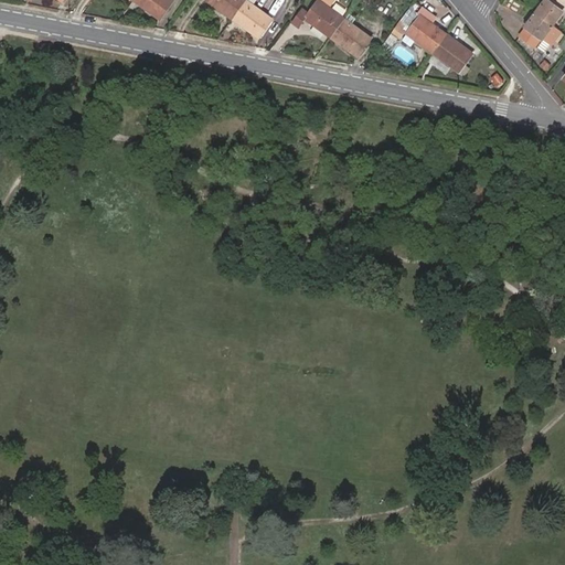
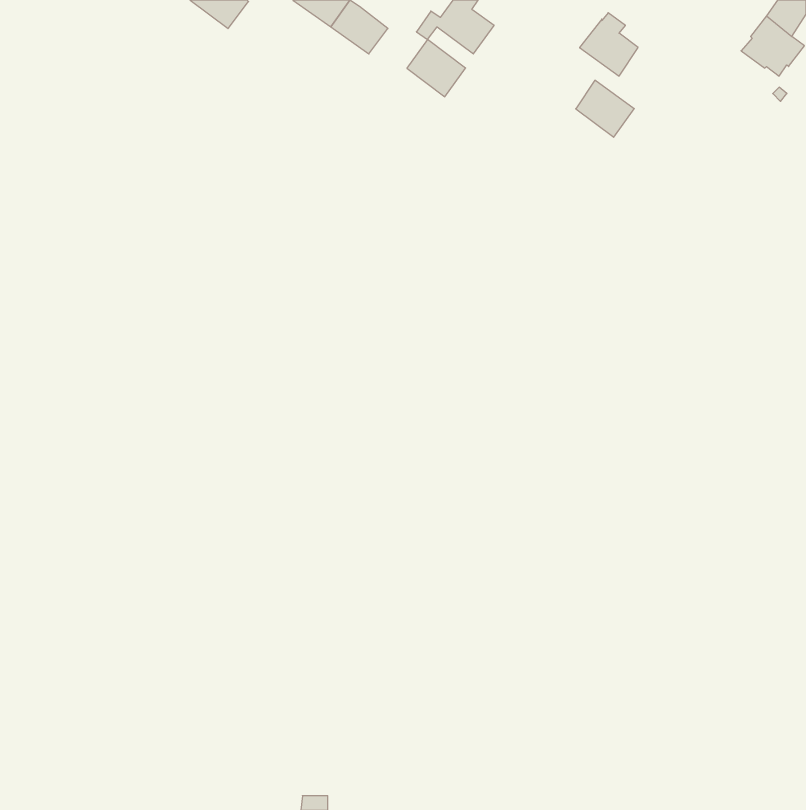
building: [330,18,371,57] -> [407,40,466,97]
building: [431,33,472,73] -> [576,80,634,137]

